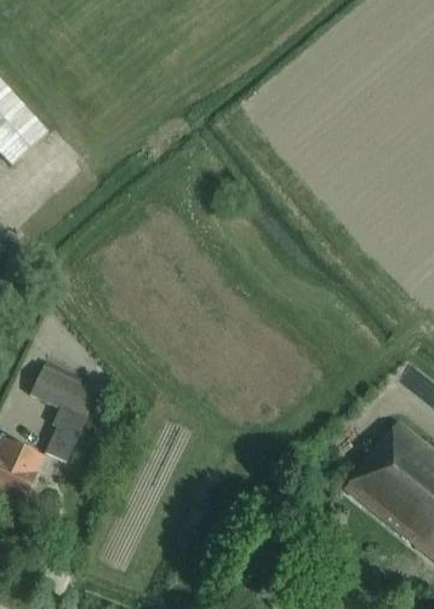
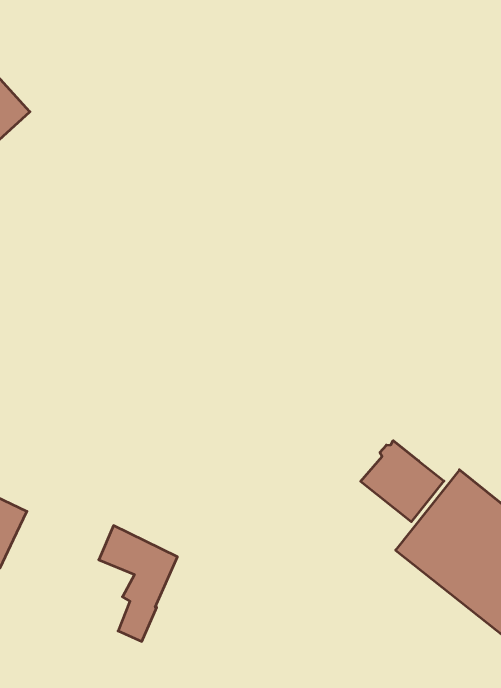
building: [30,368,95,463] -> [99,526,177,641]
building: none -> [361,441,444,522]

